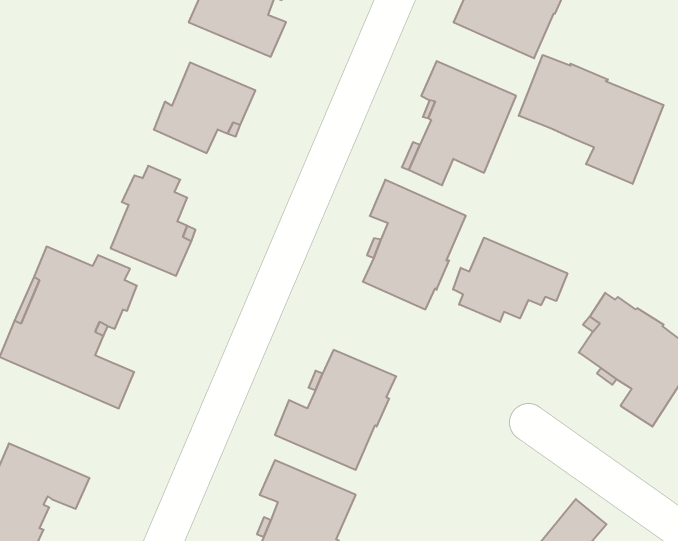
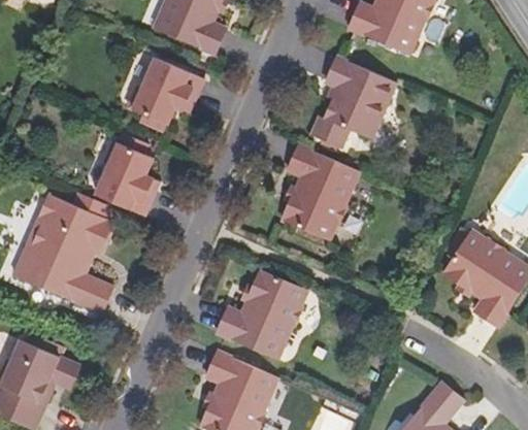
building: [519,55,664,184] -> none
building: [453,238,567,322] -> none

